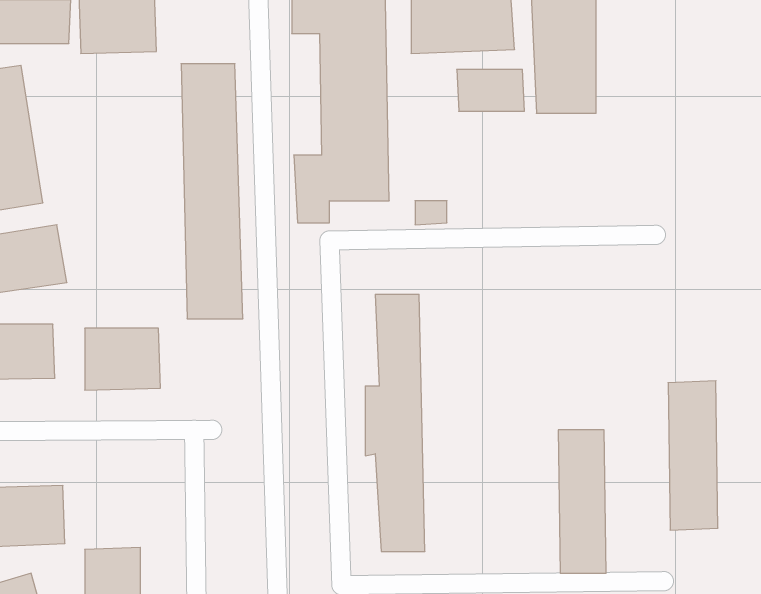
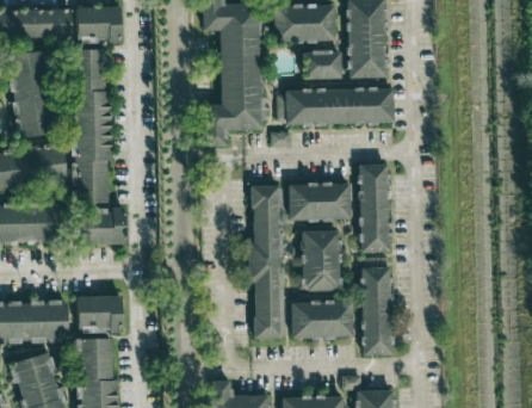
building: [181,64,243,319] -> [73,49,110,202]
building: none -> [285,89,394,123]
building: none -> [290,185,349,218]
building: none -> [302,231,340,289]
building: [668,381,718,530] -> [359,165,389,254]
building: none -> [76,297,123,332]
building: none -> [291,304,353,339]

